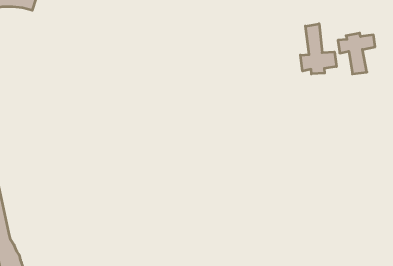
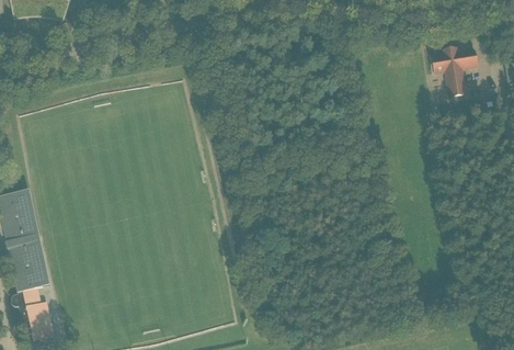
building: [300,24,336,74] -> none

